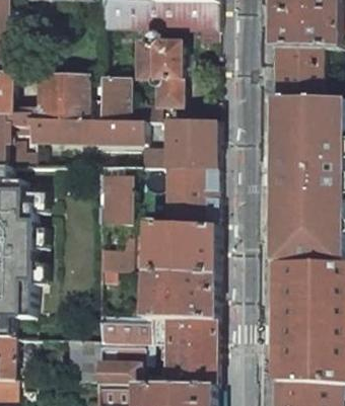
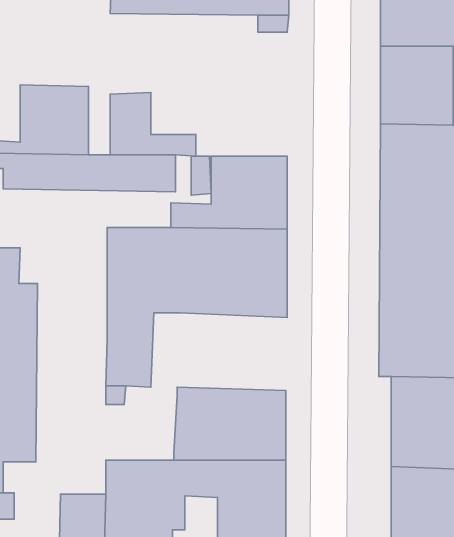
building: [134,33,181,107] -> none
building: [143,224,215,274] -> none

